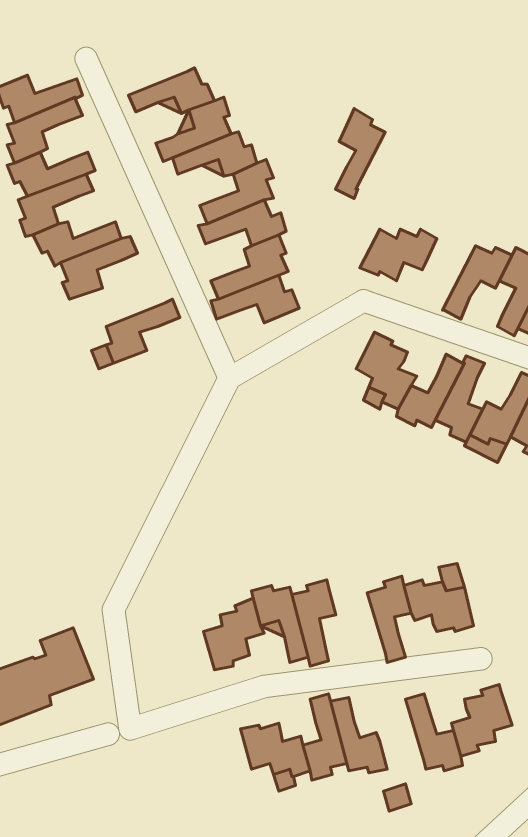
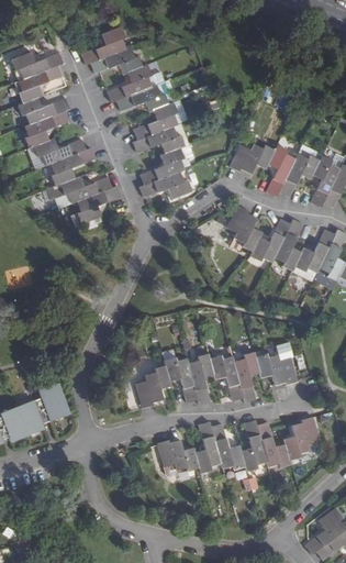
building: none -> [81,25,125,64]
building: [336,108,385,198] -> [266,143,295,197]
building: none -> [47,176,112,202]
building: none -> [210,355,244,400]
building: none -> [241,419,267,471]

